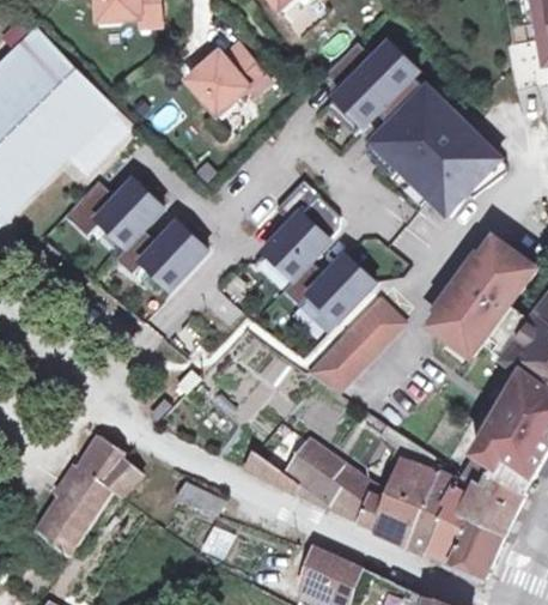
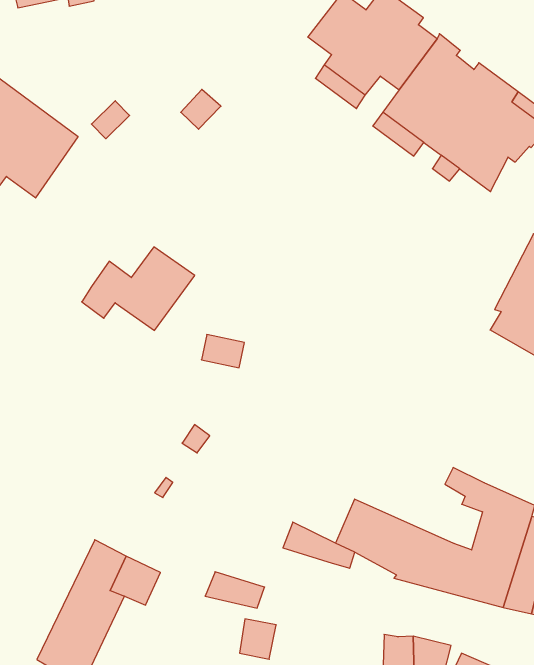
building: [187,38,268,109] -> none
building: [62,176,162,243] -> none
building: [262,177,373,319] -> none
building: [309,295,402,391] -> none

